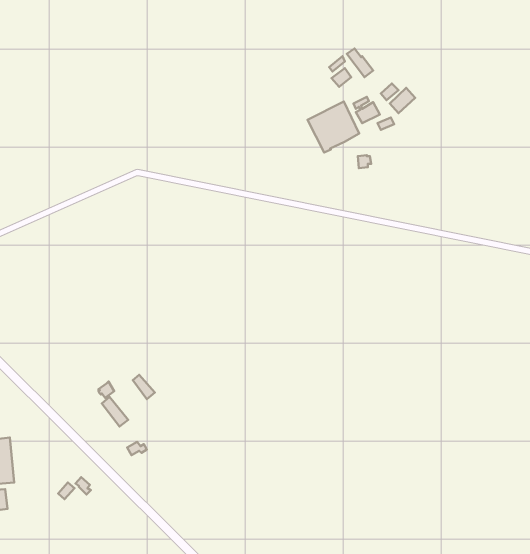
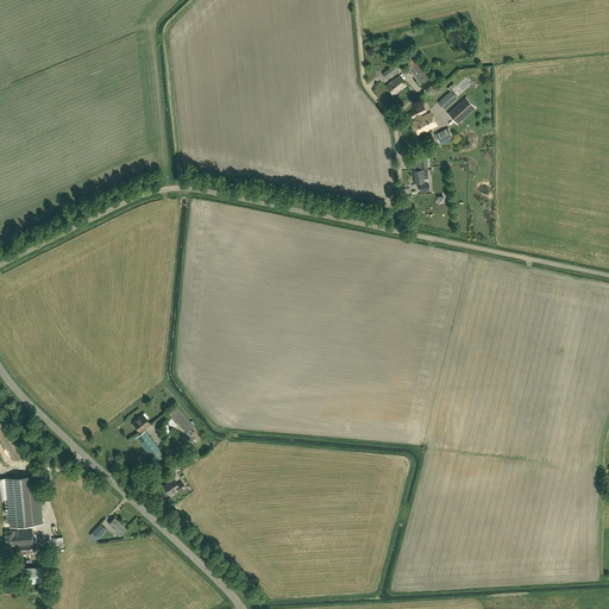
building: [307,102,359,152] -> none

